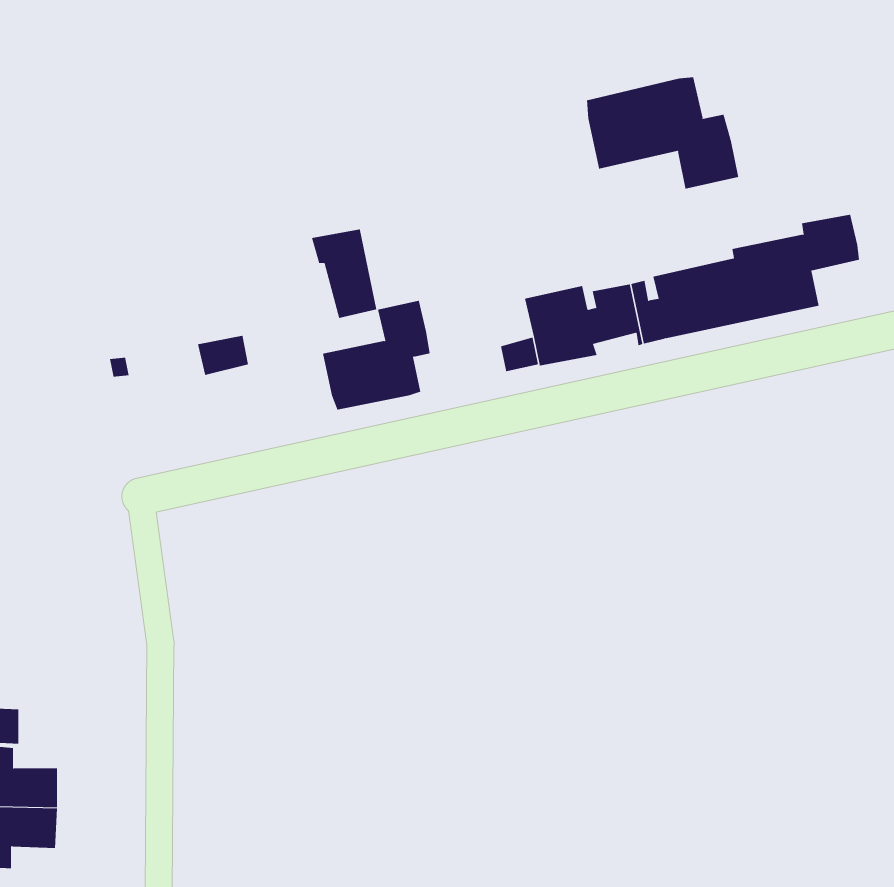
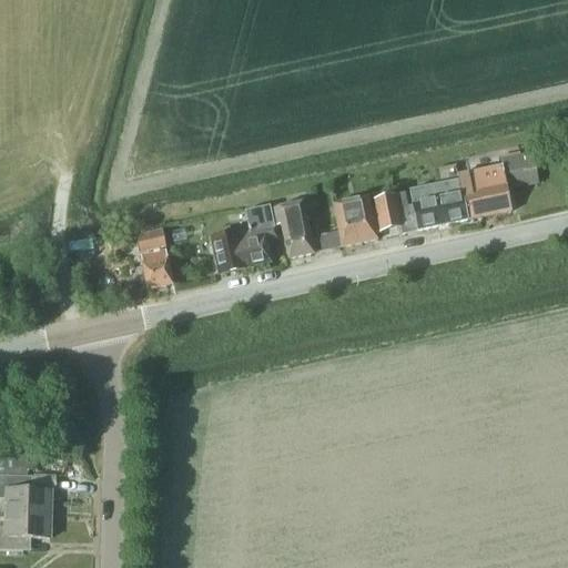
building: [587,76,739,189] -> none
building: [311,229,377,319] -> [273,201,313,255]
building: none -> [141,247,172,286]

